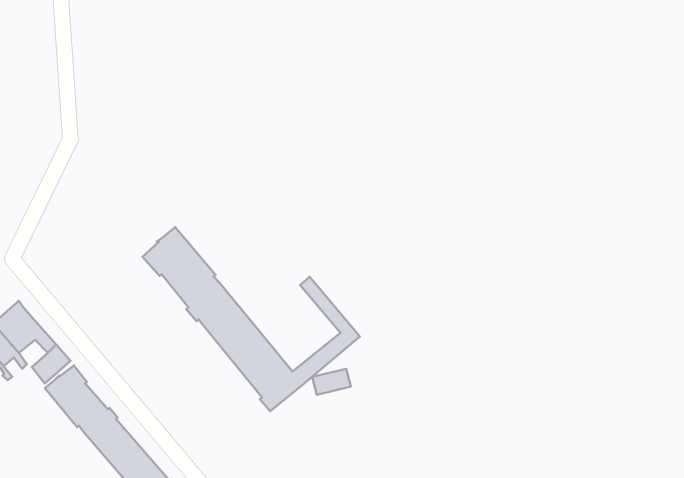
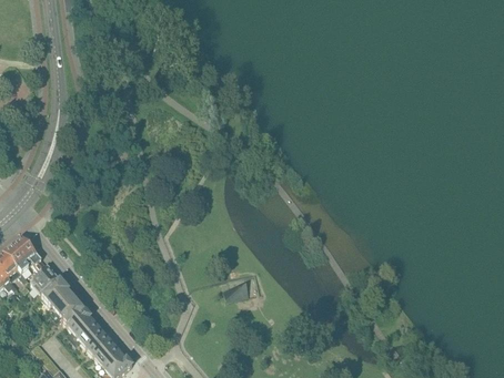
building: [143,227,360,411] -> none

